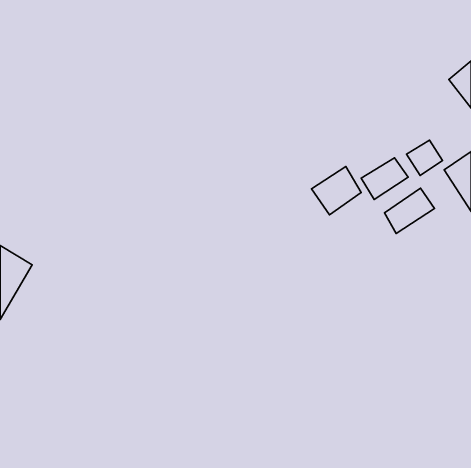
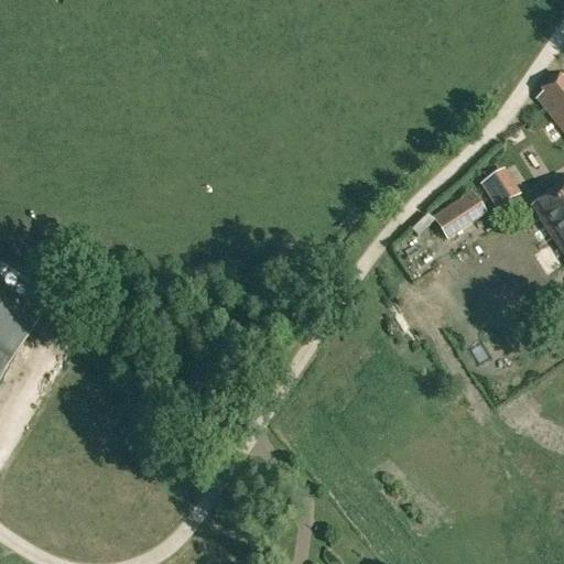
building: [312,167,361,215] -> none
building: [384,188,435,233] -> none

